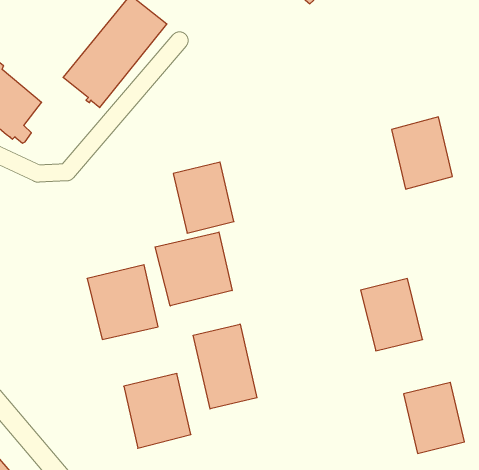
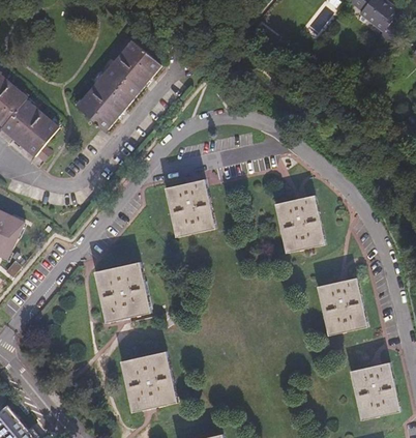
building: [392,117,452,189] -> [273,191,323,250]
building: [155,232,232,306] -> none
building: [193,324,257,409] -> none

